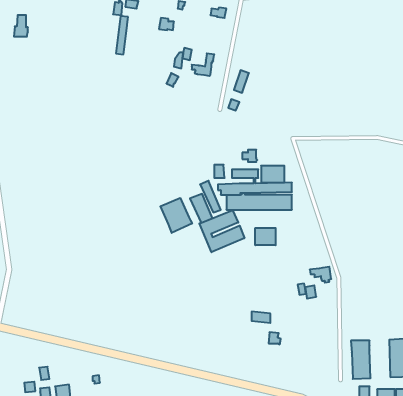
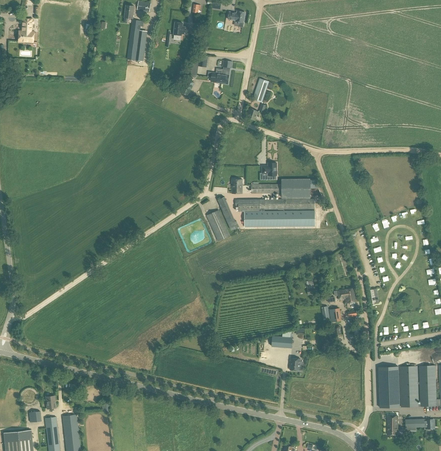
building: [160,198,192,233] -> none
building: [199,210,244,252] -> none
building: [255,228,276,245] -> none
building: none -> [400,366,418,407]

